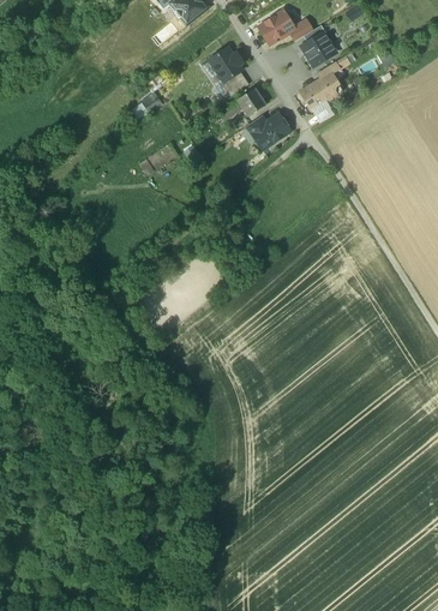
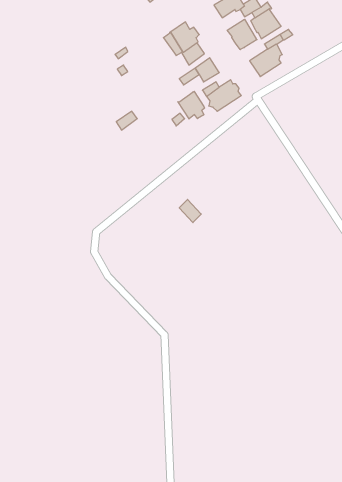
building: none -> [227,19,257,50]
building: none -> [178,91,205,119]

